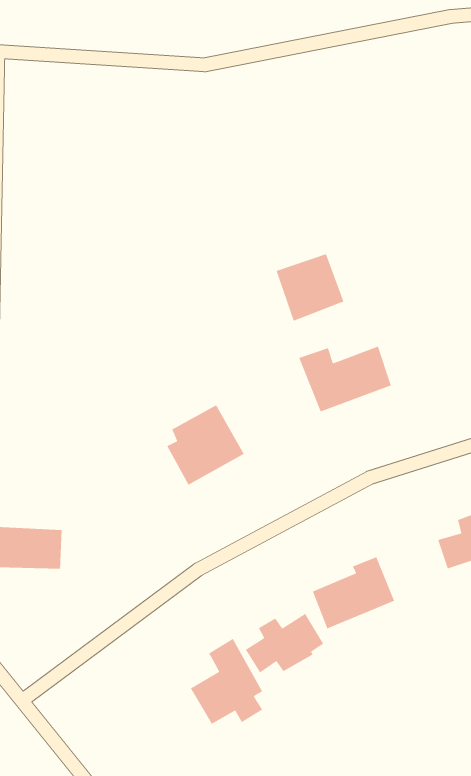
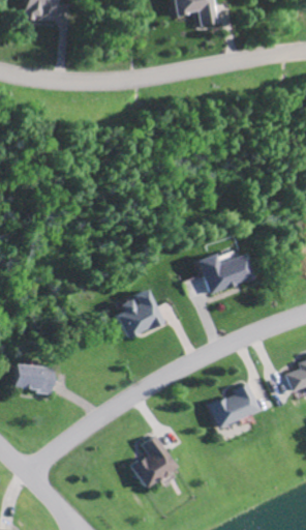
building: [276,253,345,322] -> none
building: [245,613,324,673] -> none

